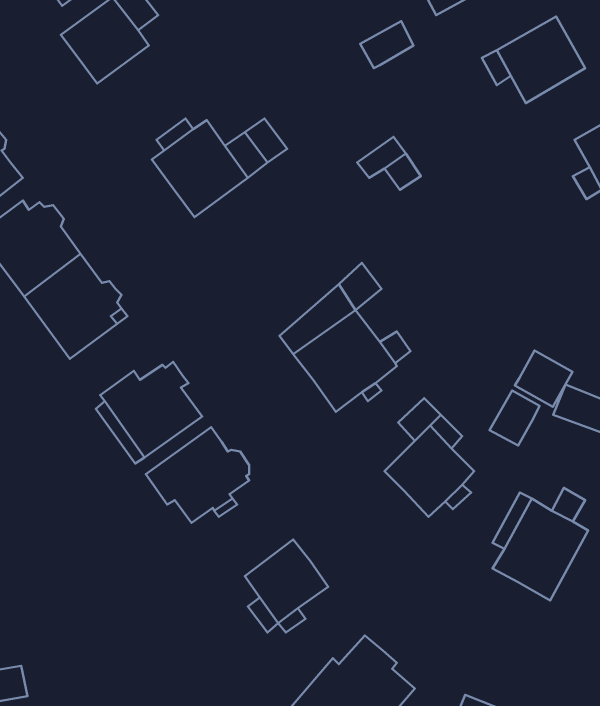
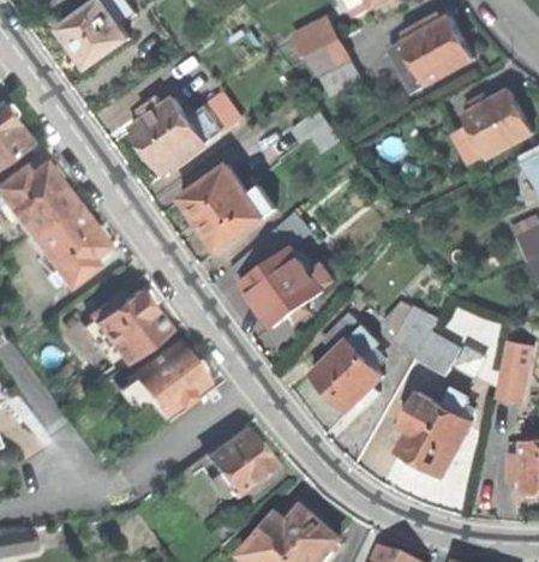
building: none -> [310,37,358,91]
building: none -> [181,163,276,249]
building: [515,350,573,407] -> [415,331,461,376]

